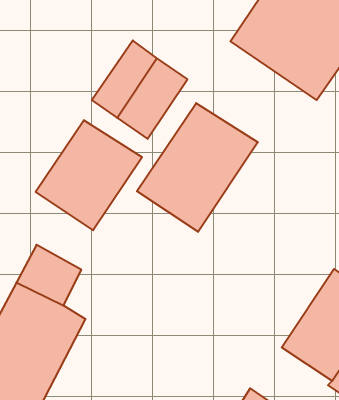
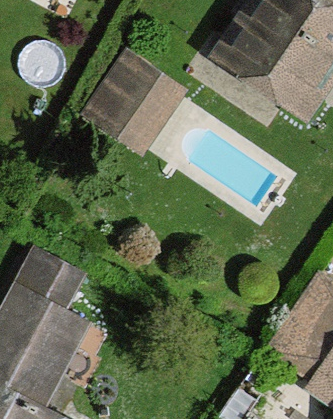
building: [137,103,258,232] -> none
building: [36,120,142,230] -> none

